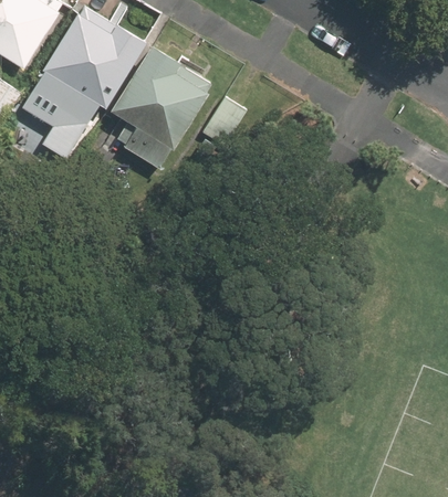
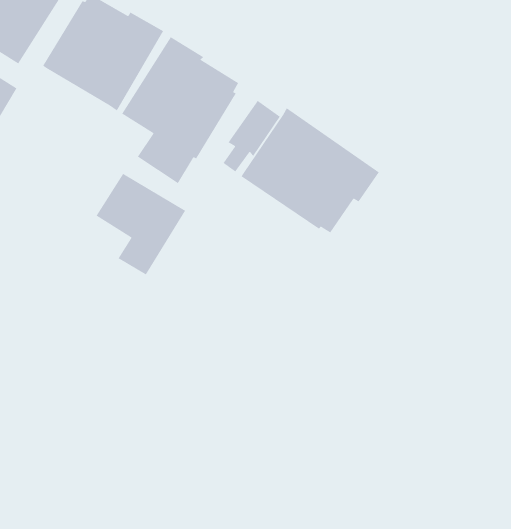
building: [22,72,100,159] -> [95,173,186,275]
building: none -> [240,107,380,234]

